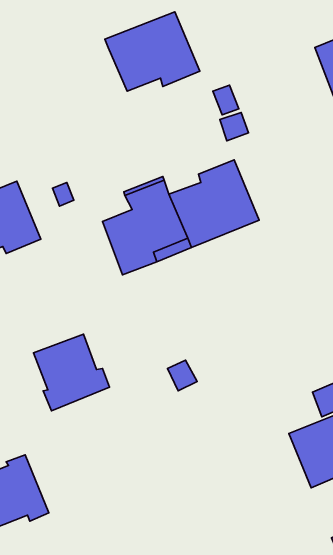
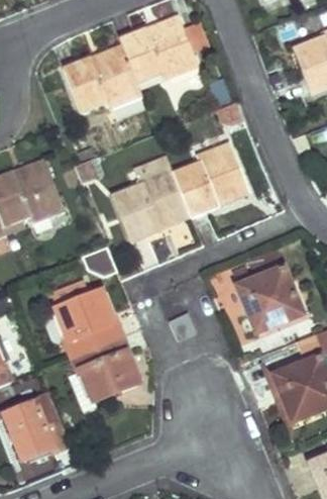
building: none -> [64,45,141,111]
building: none -> [237,268,303,332]
building: none -> [72,335,136,401]

